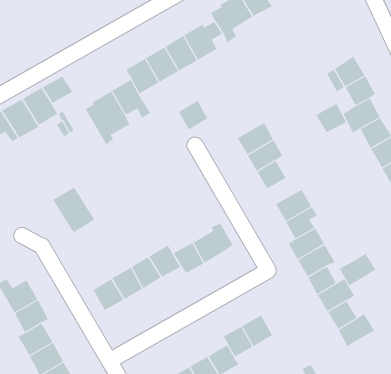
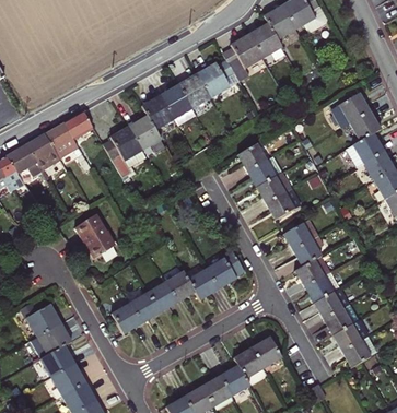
building: [178,100,208,130] -> [237,142,266,170]
building: [315,103,347,133] -> none
building: [339,253,376,286] -> none

